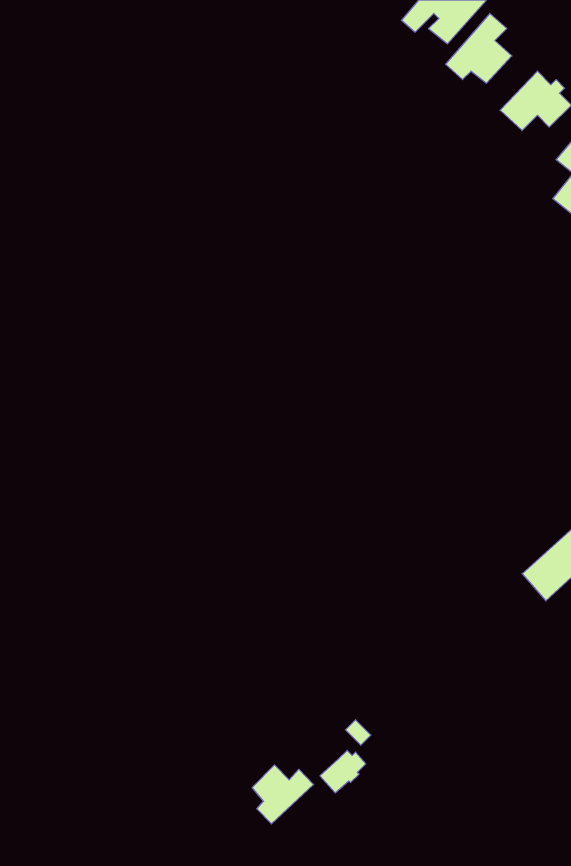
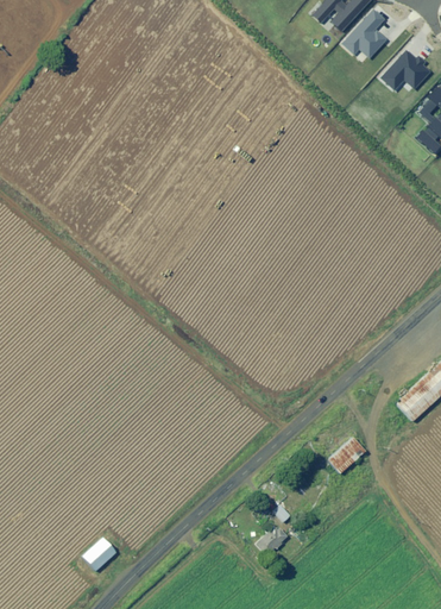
building: none -> [327,437,365,473]
building: [252,765,314,824] -> none
building: none -> [80,536,114,571]

